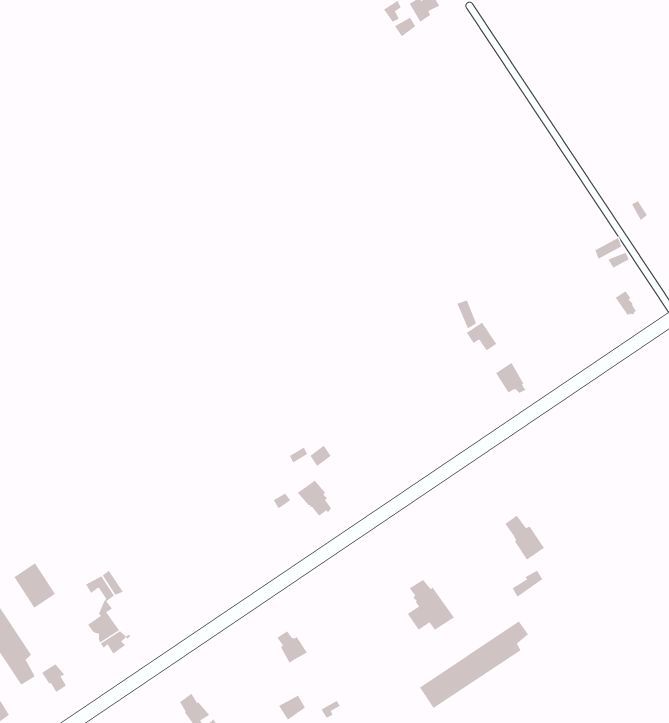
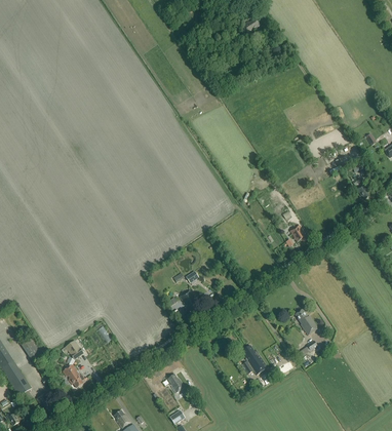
building: [419,620,529,709] -> none

